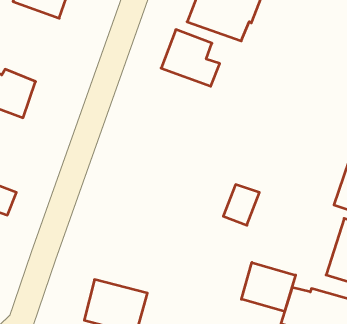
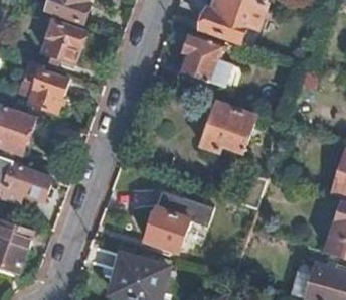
building: none -> [42,20,83,61]
building: none -> [199,101,254,151]
building: none -> [145,188,213,249]
building: [241,262,296,311] -> none

